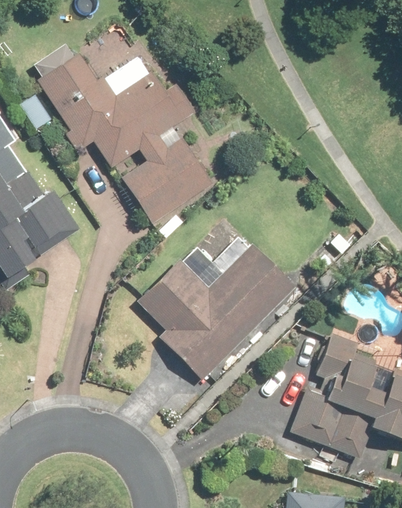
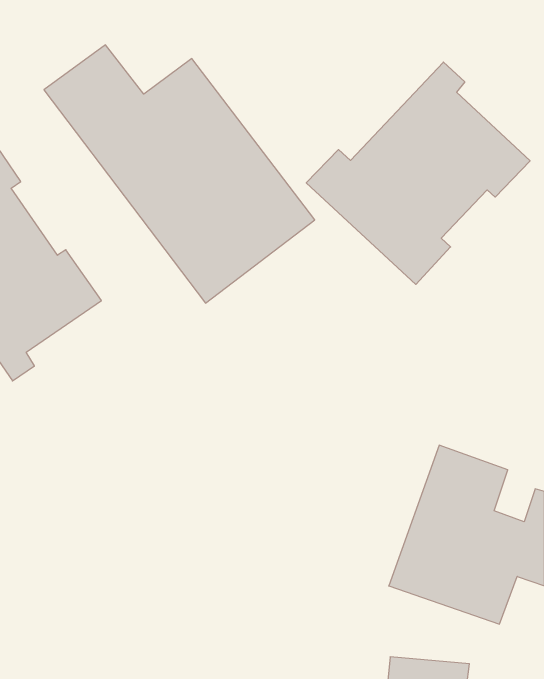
building: none -> [306,62,530,284]
building: [136,229,303,388] -> none

